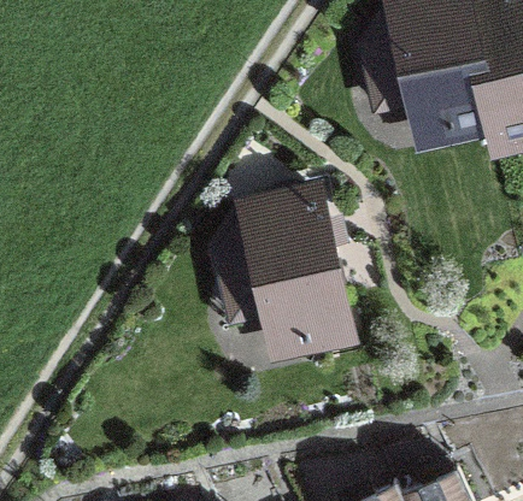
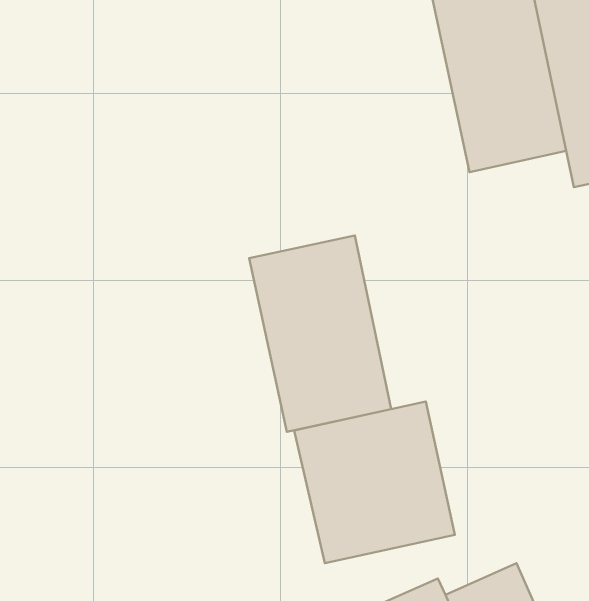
building: none -> [294,402,455,563]

